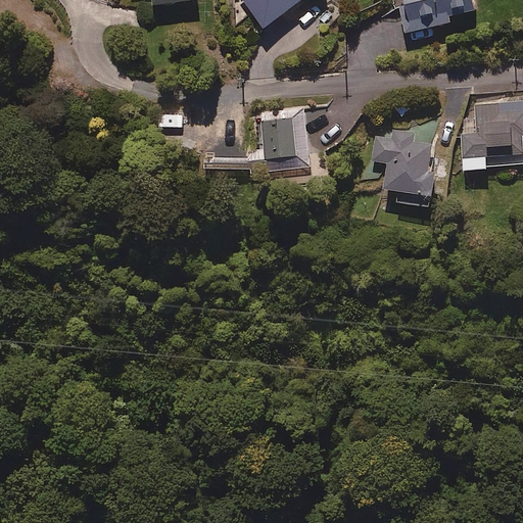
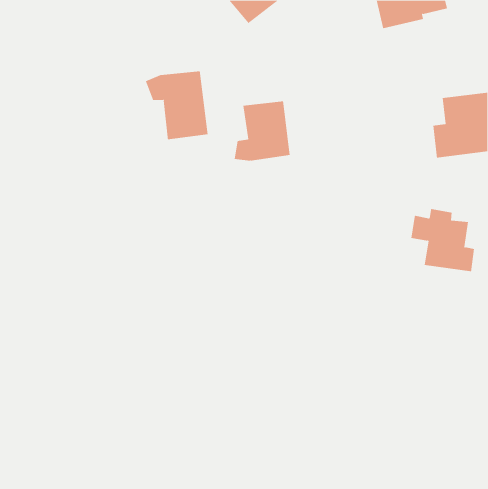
building: none -> [145,70,208,140]
building: [370,128,438,195] -> [410,209,475,272]

